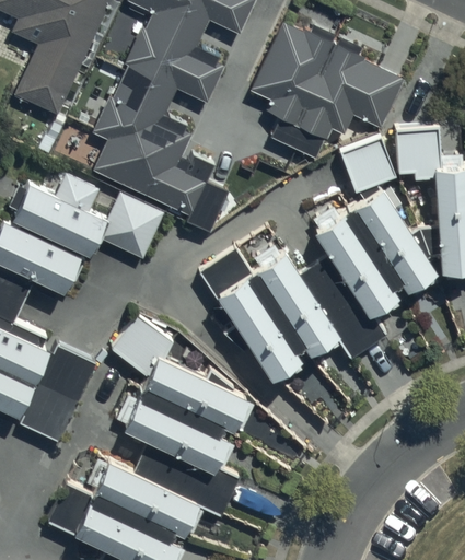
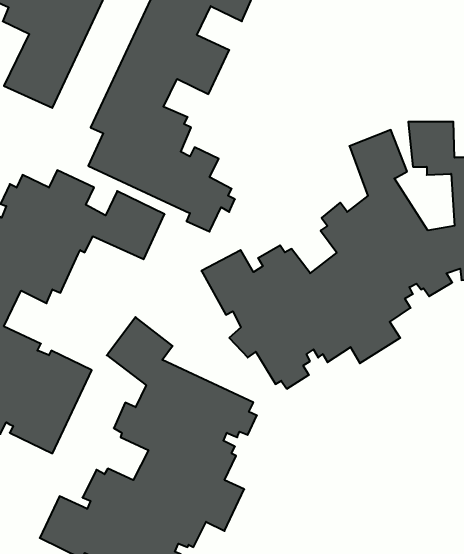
building: [248,21,403,160] -> none

